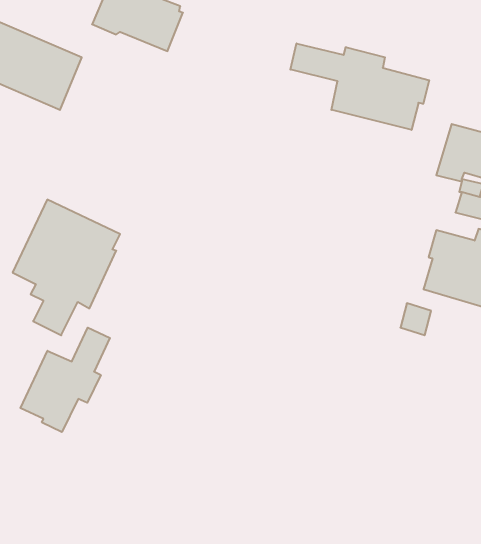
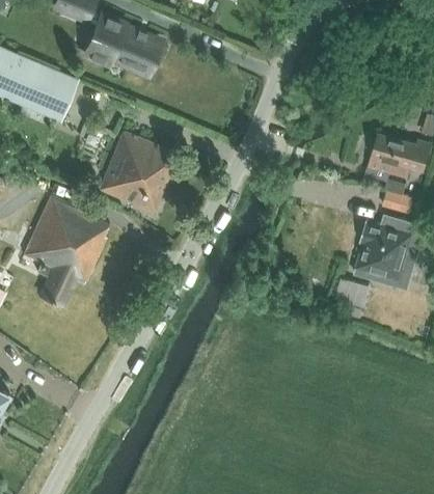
building: [290,43,429,130] -> none
building: none -> [99,132,172,213]
building: [20,328,110,432] -> none

